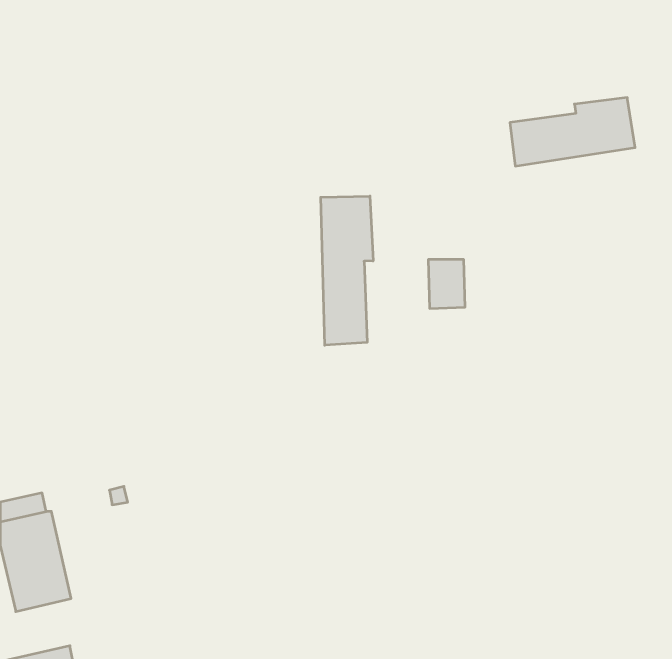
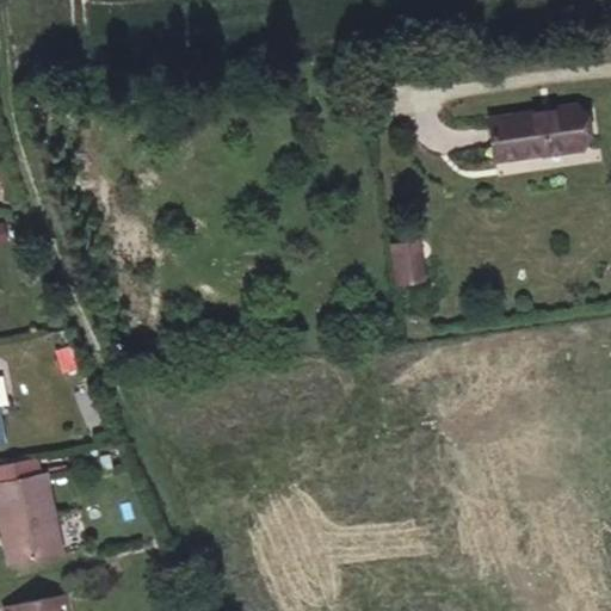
building: [321,196,373,345] -> none

